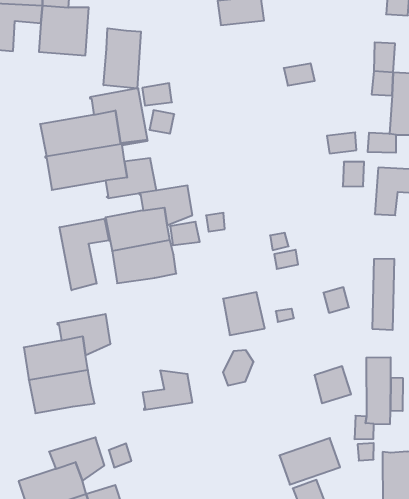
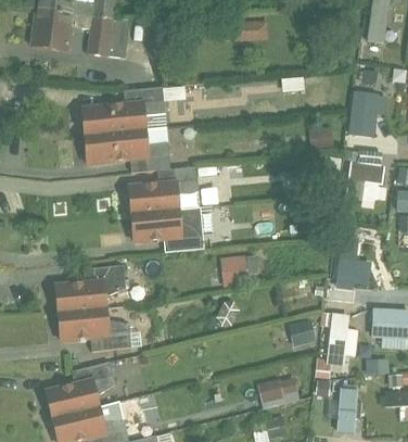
building: [104,28,141,89] -> none
building: [60,219,109,290] -> none
building: none -> [165,219,204,251]
building: [143,371,192,410] -> [92,318,131,349]

